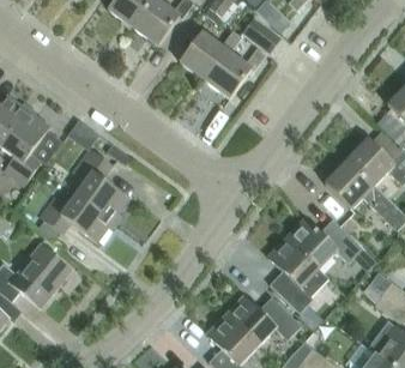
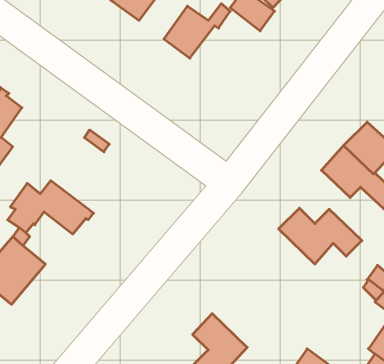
building: [204,48,265,98] -> none
building: [72,147,128,223] -> none
building: [267,237,327,314] -> none
building: [224,296,301,346] -> none

